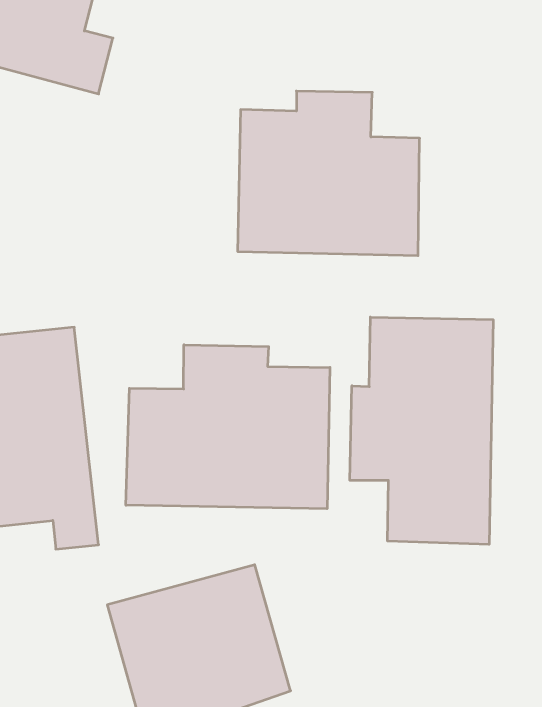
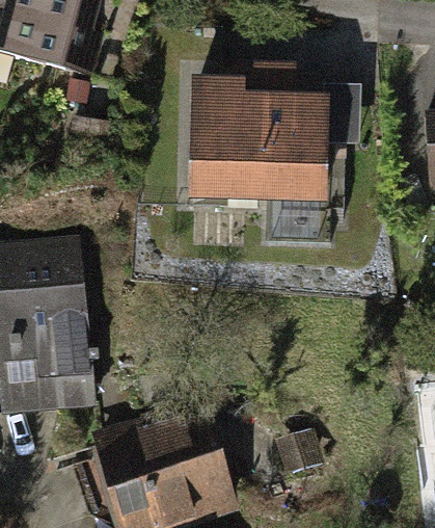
building: [350,317,493,544] -> none
building: [126,345,330,509] -> none

